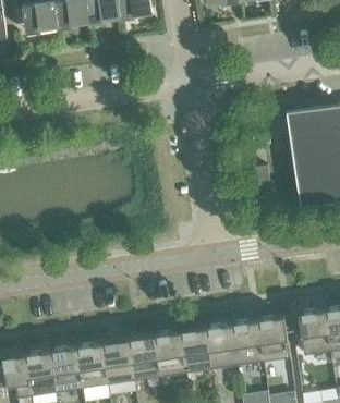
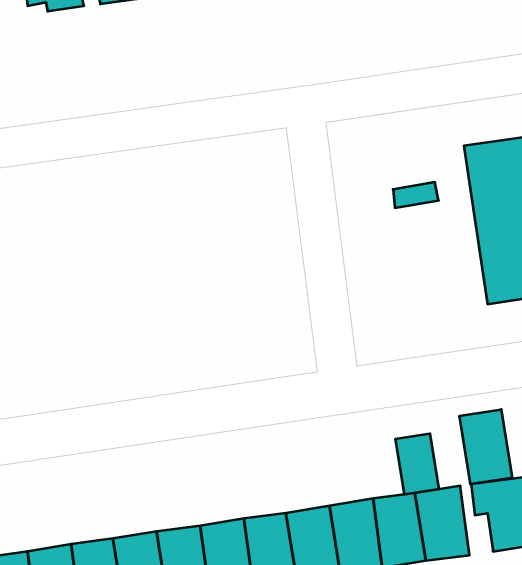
building: none -> [460,409,512,484]
building: none -> [396,434,439,495]

